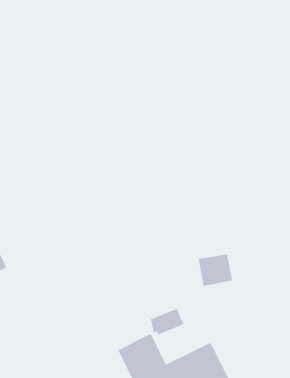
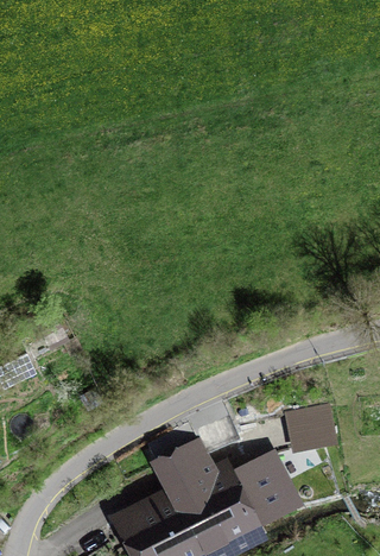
building: [198,254,233,287] -> [286,412,328,451]

